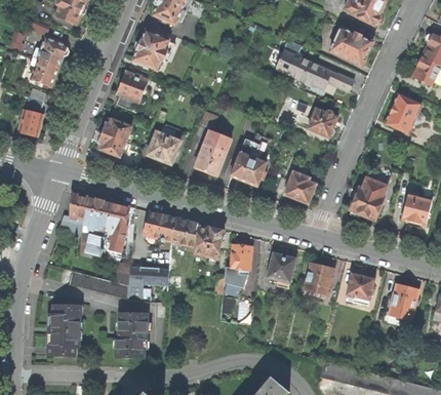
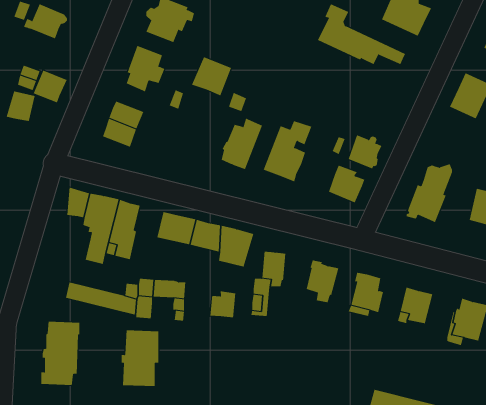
building: [30,60,58,87] -> [33,70,67,103]
building: [309,109,337,137] -> [348,135,382,169]
building: [147,132,181,165] -> [191,57,232,96]
building: none -> [210,290,236,318]

